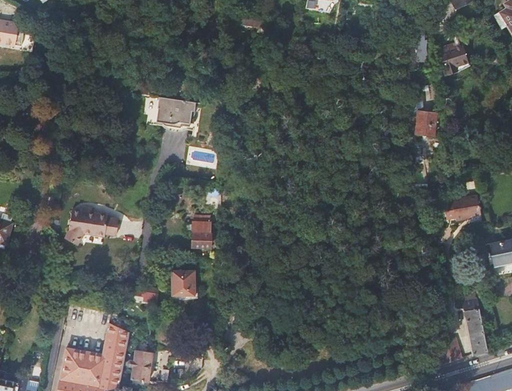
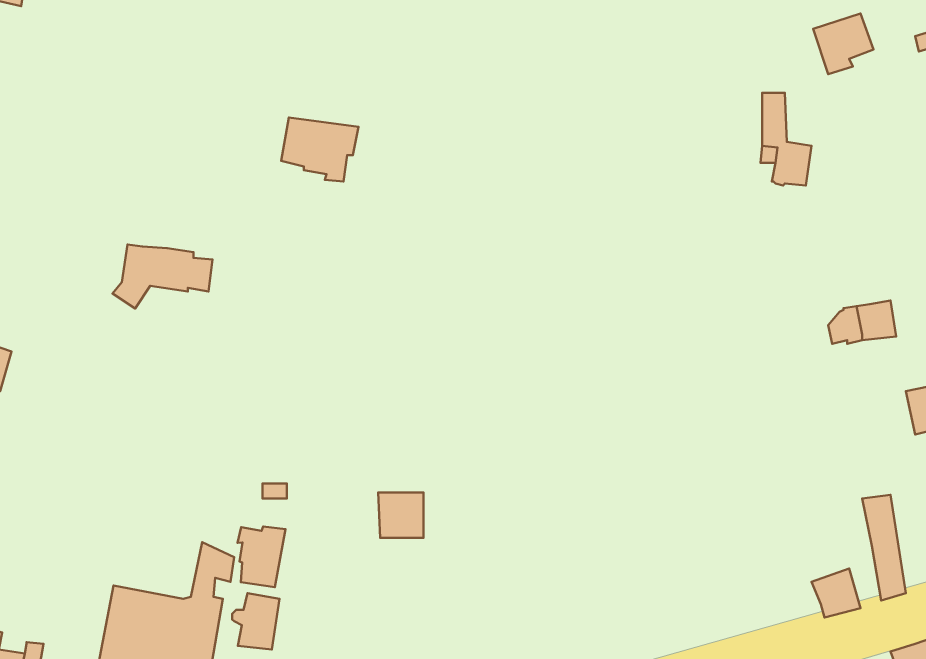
building: [65,210,118,244] -> [112,244,212,309]
building: [191,222,208,247] -> none
building: [170,271,194,295] -> [378,492,423,538]
building: none -> [238,526,286,587]

